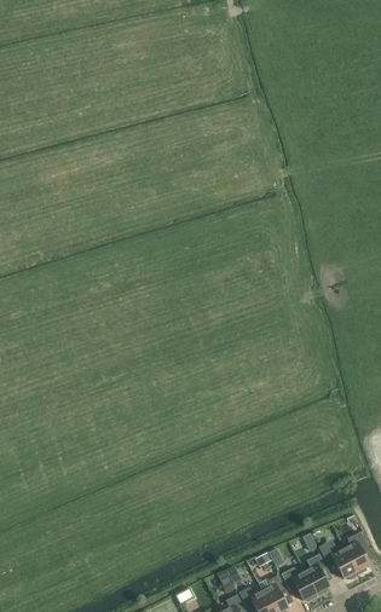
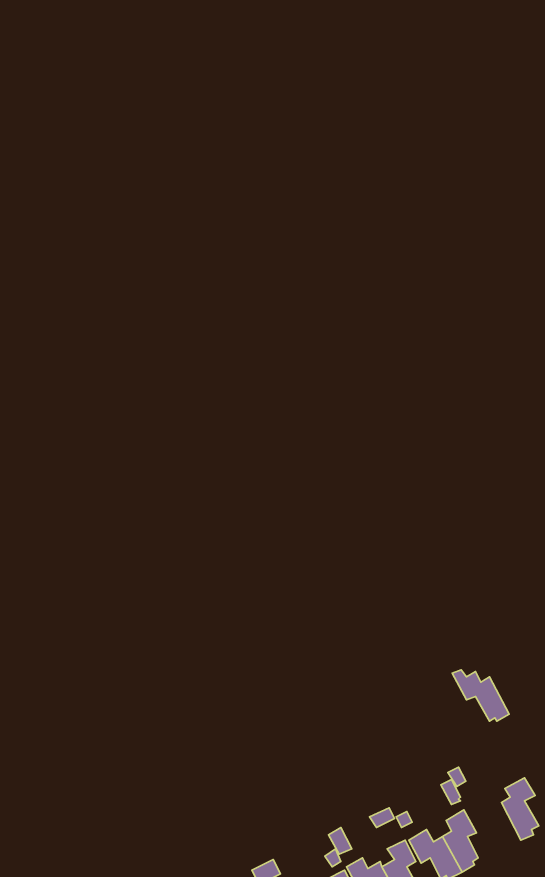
building: [319,544,358,579] -> [452,670,509,721]

